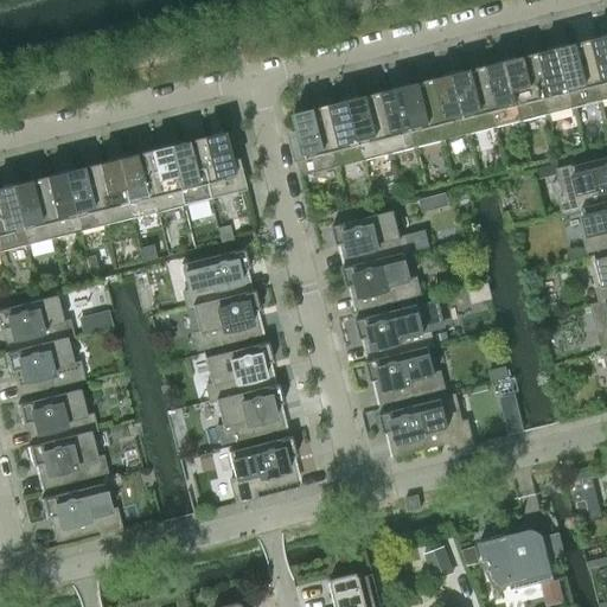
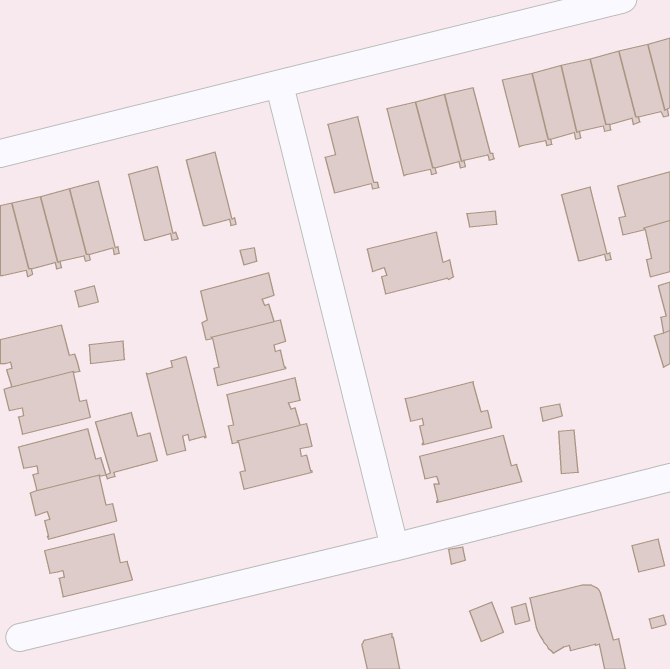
building: [428,72,473,139] -> [561,187,611,261]
building: [324,98,369,165] -> none
building: [194,132,245,198] -> none
building: [142,145,187,211] -> none
building: [89,158,134,224] -> none
building: [343,251,421,308] -> none
building: [356,301,443,359] -> none
building: none -> [146,357,206,455]
building: none -> [95,412,157,479]
building: [228,435,295,494] -> none

